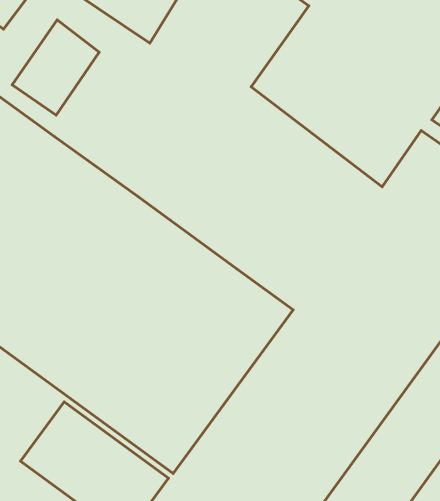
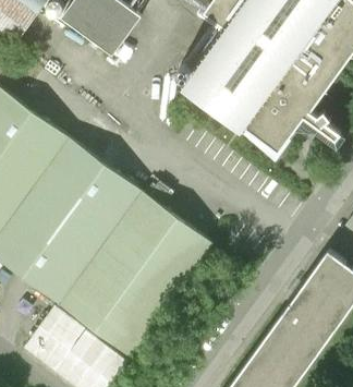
building: [12,20,99,115] -> none

